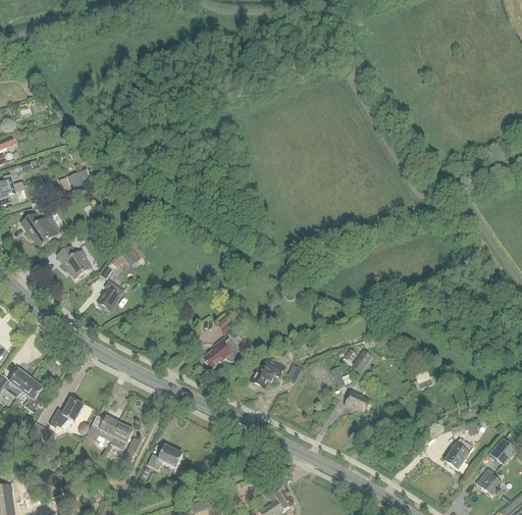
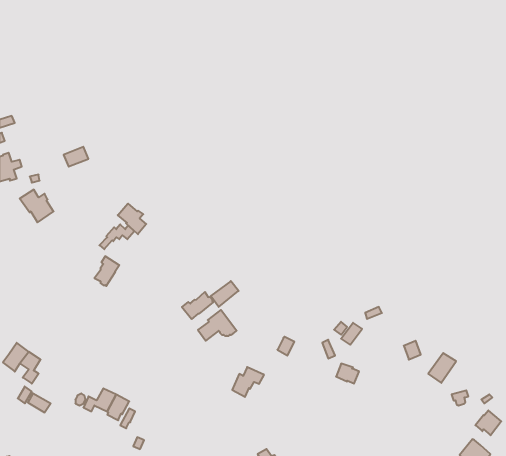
building: none -> [118,204,146,234]
building: [56,245,91,278] -> none
building: none -> [182,292,213,319]
building: [251,358,283,389] -> [232,367,264,397]
building: [49,398,83,427] -> none
building: [443,439,472,469] -> [428,353,456,383]
building: [147,445,181,469] -> none

